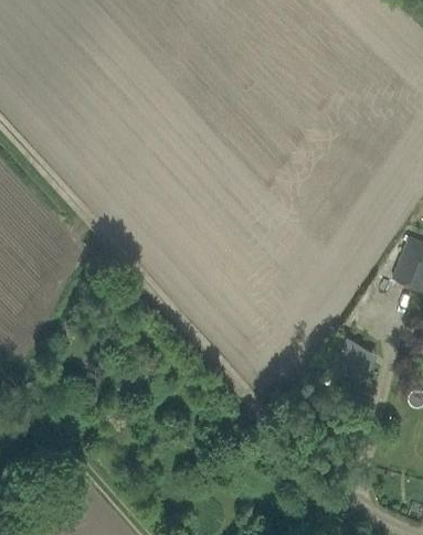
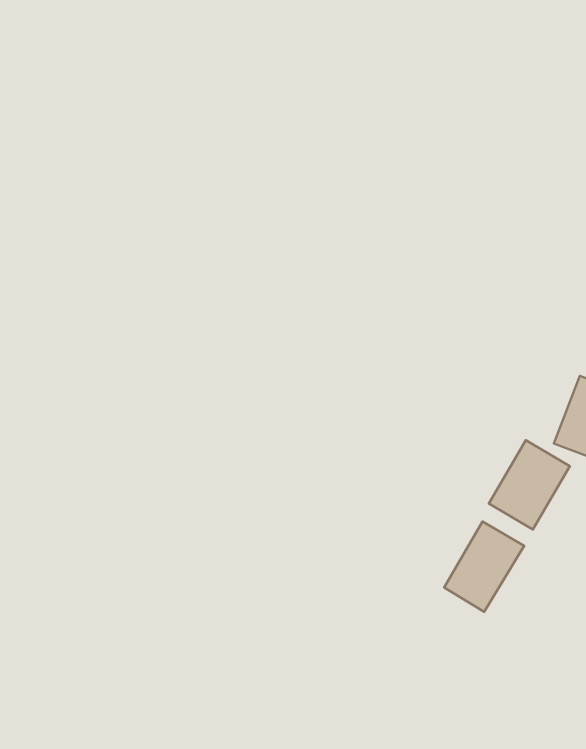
building: none -> [489,440,570,530]

